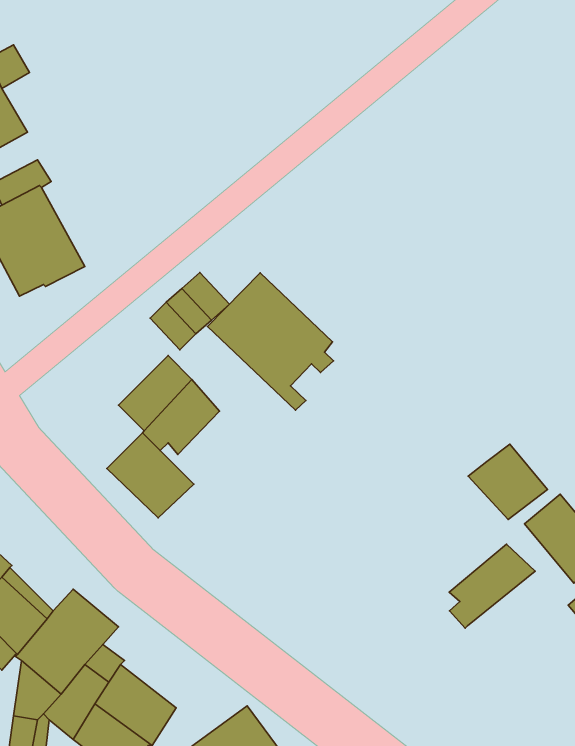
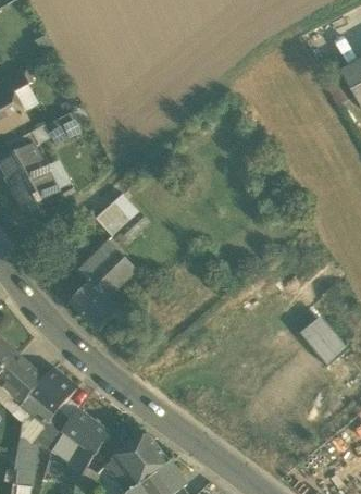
building: [208,273,333,410] -> none
building: [468,444,547,519] -> none
building: [449,544,535,628] -> none

